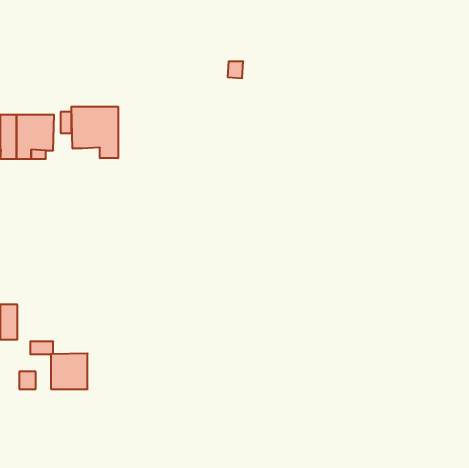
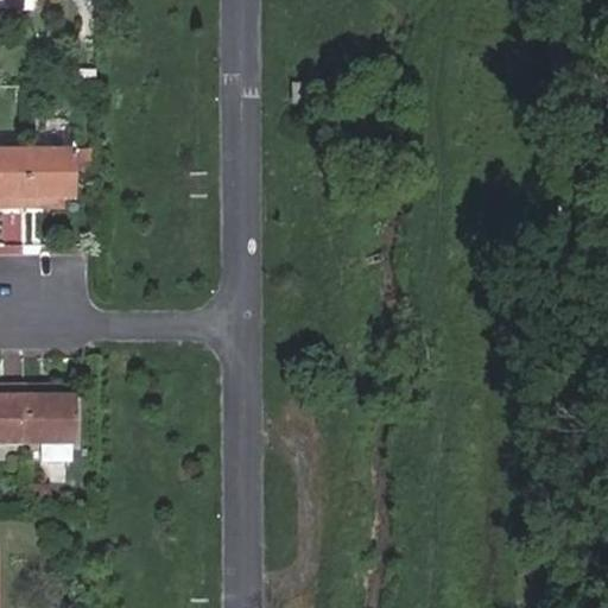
building: [71,107,118,158] -> none
building: [51,353,88,389] -> [23,393,70,439]

